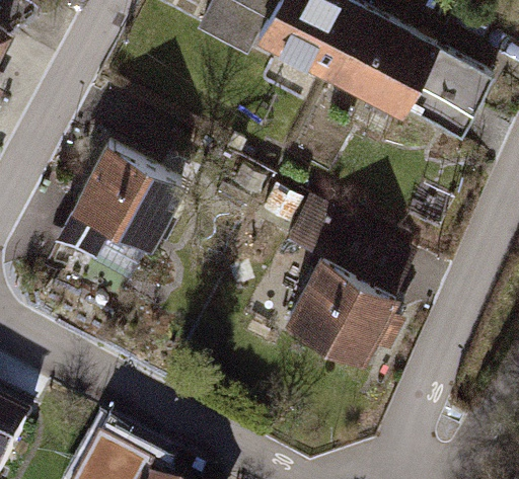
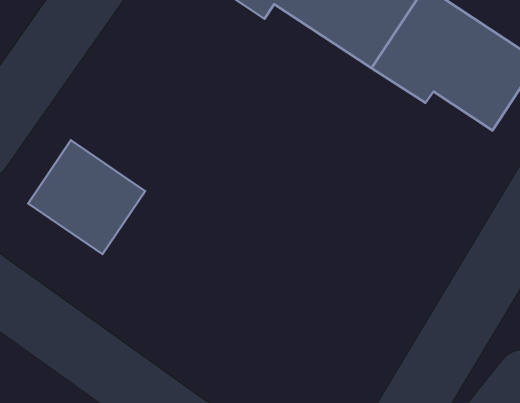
building: [80,137,182,232] -> none
building: [285,253,400,362] -> none

